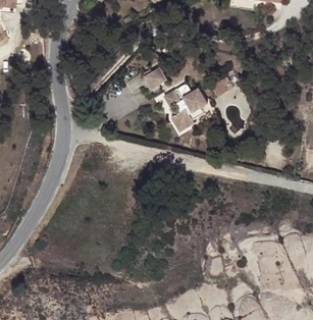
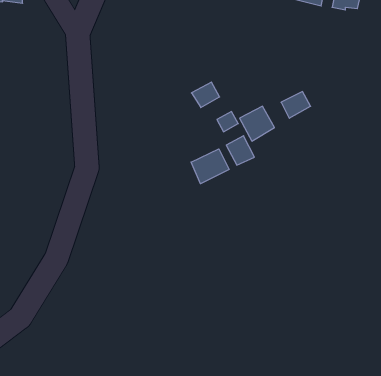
building: none -> [191,149,229,184]

